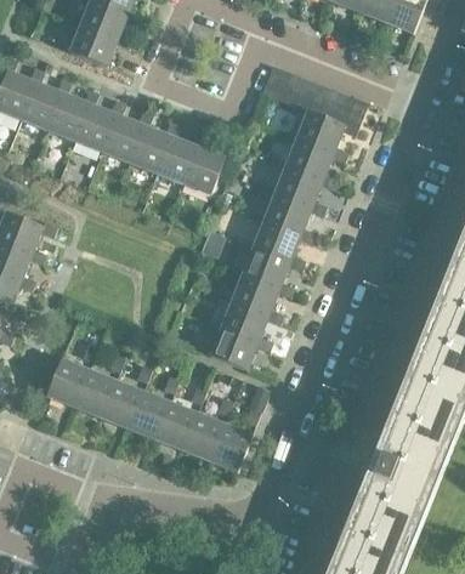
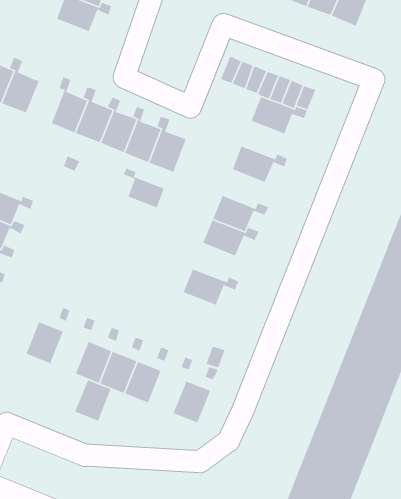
building: [67,24,131,66] -> none
building: [46,76,87,140] -> none
building: [283,137,346,178] -> none
building: none -> [123,167,165,208]
building: [262,191,325,233] -> none
building: [229,272,293,314] -> none
building: [208,326,271,369] -> none
building: [73,369,114,416] -> [74,379,112,422]
building: [181,413,222,460] -> none

